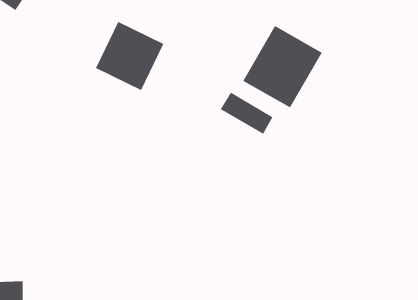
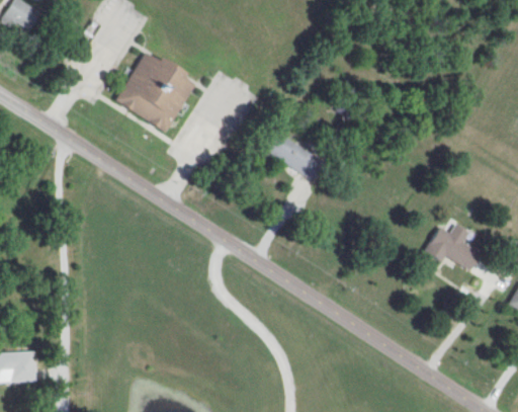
building: [242,25,323,108] -> none
building: none -> [425,225,482,271]

